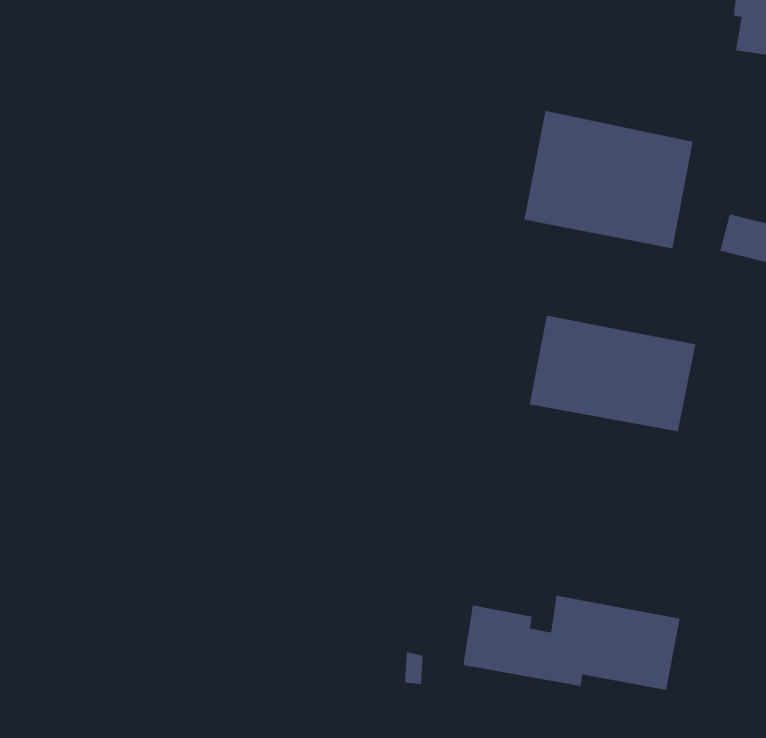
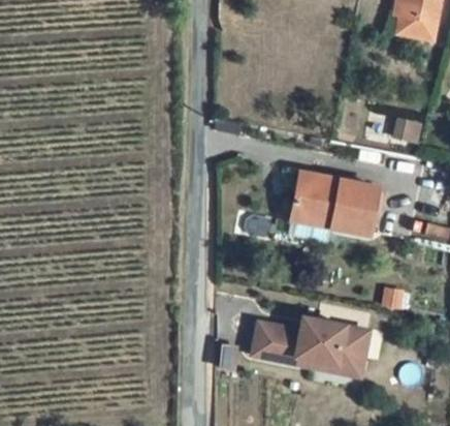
building: [524,110,693,249] -> none

